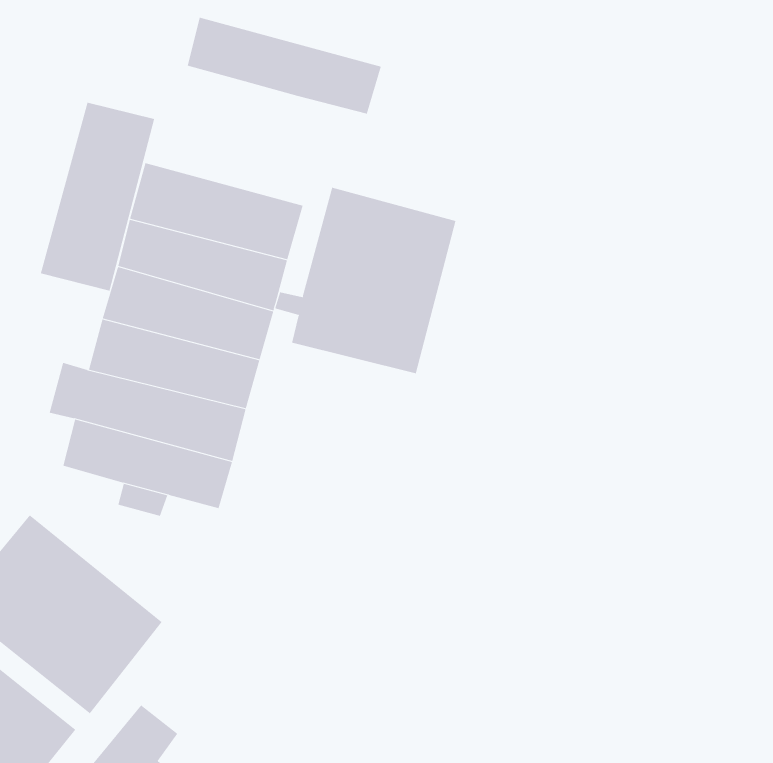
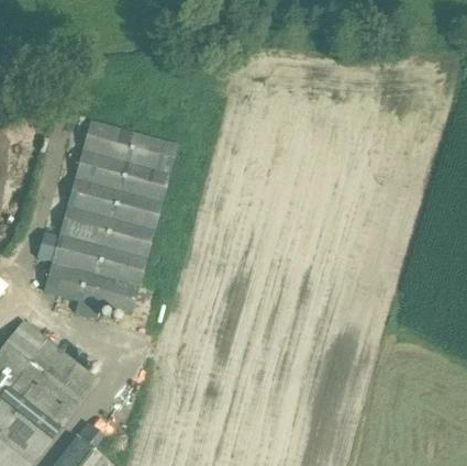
building: [187,17,381,114] -> none
building: [40,102,155,292] -> none
building: [275,187,456,374] -> none

